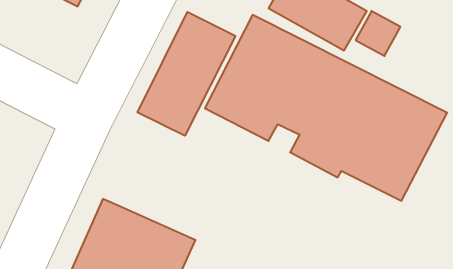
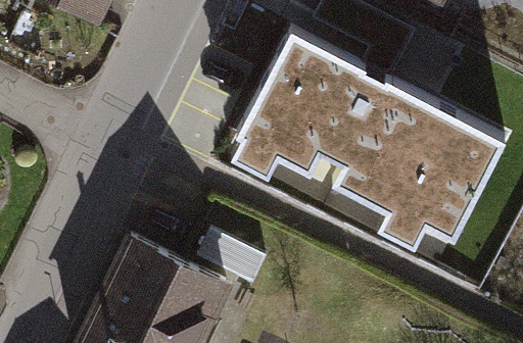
building: [138,12,235,136] -> none

